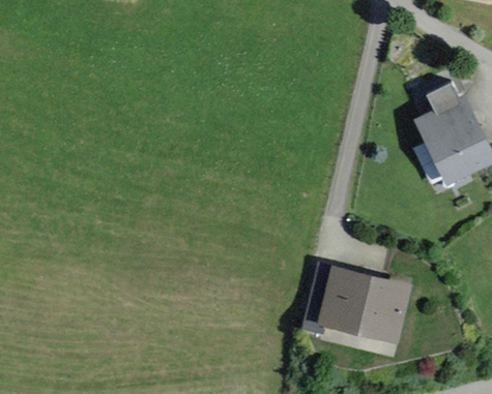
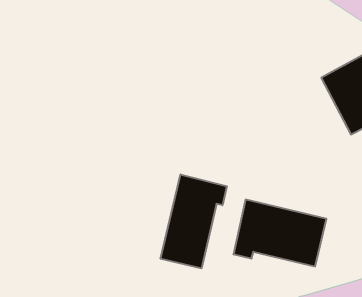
building: none -> [161,174,227,268]

